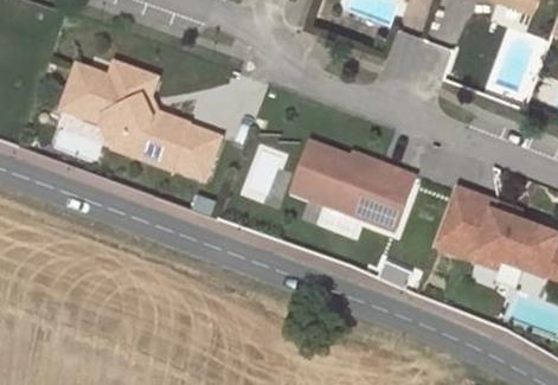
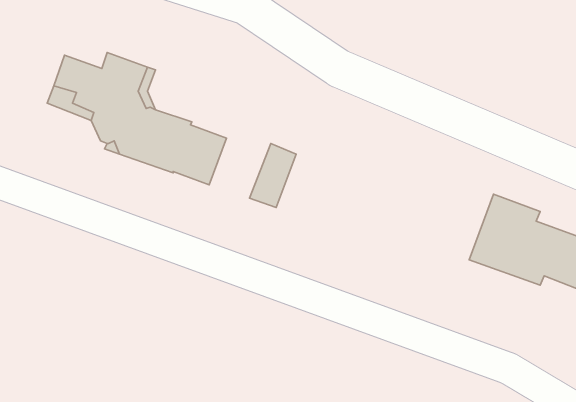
building: [291,143,415,232] -> none

